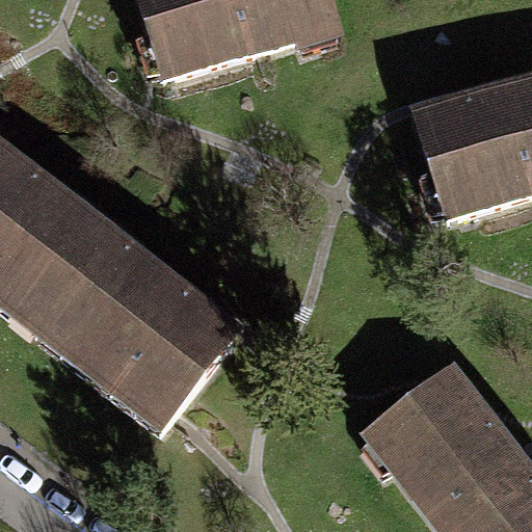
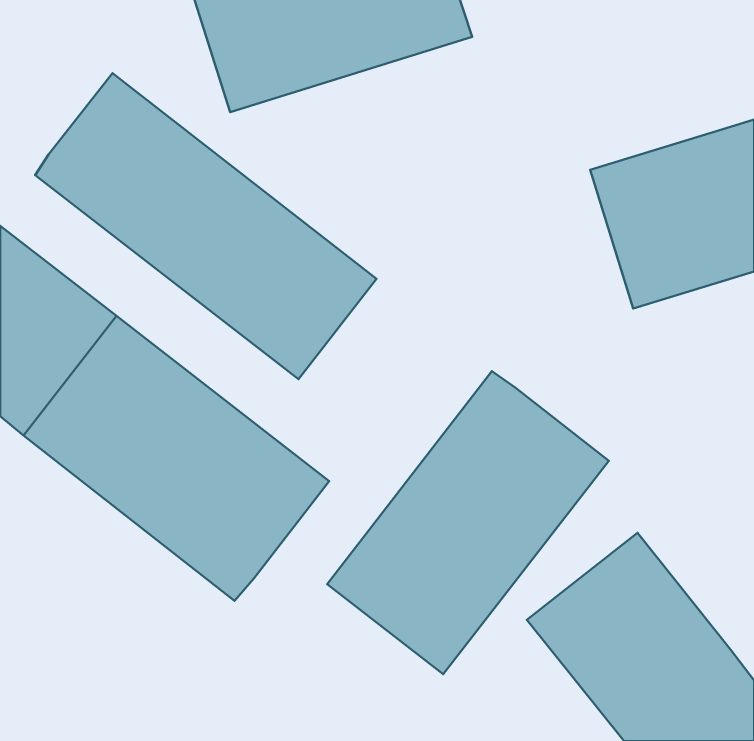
building: none -> [35,73,377,379]
building: none -> [327,371,609,674]

